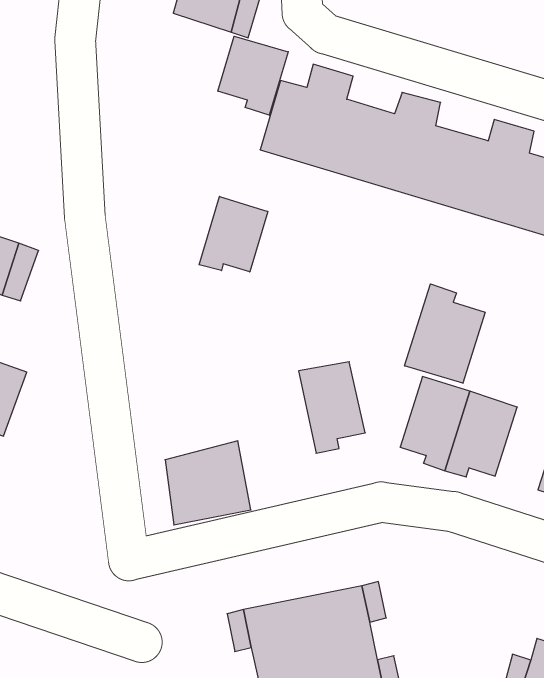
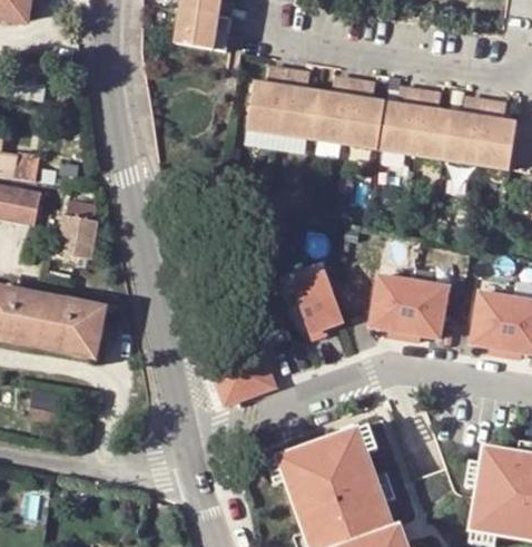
building: [218,36,288,115] -> none
building: [199,196,268,272] -> none
building: [405,284,485,383] -> none

